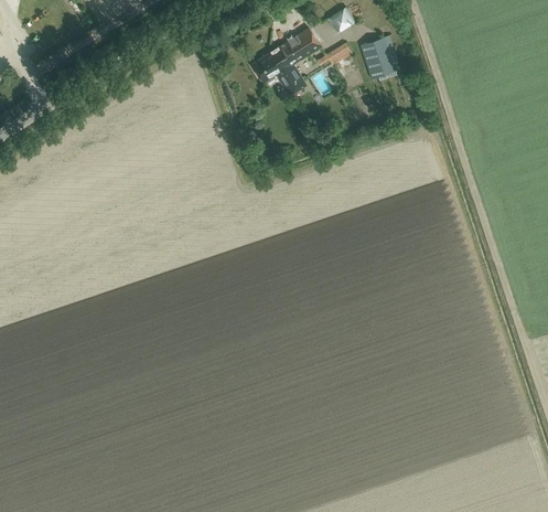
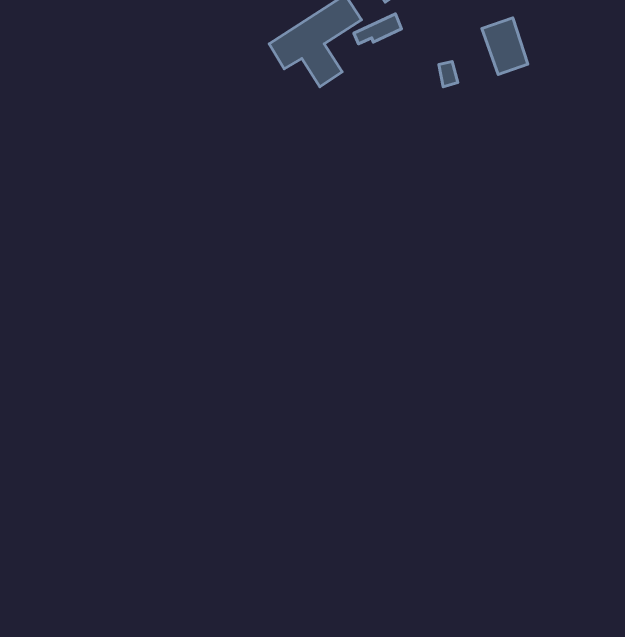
building: [362,36,396,78] -> [482,18,528,75]

